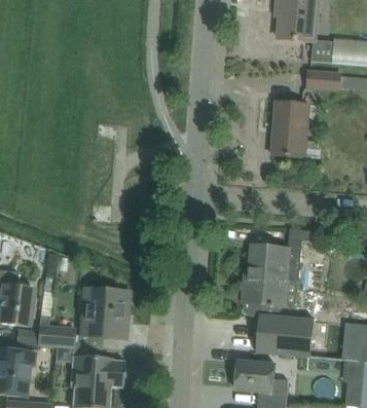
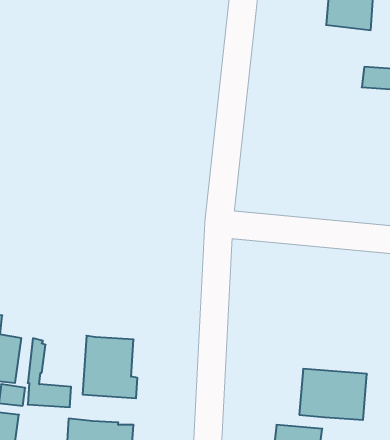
building: [272,101,308,156] -> none
building: [244,228,320,305] -> none

